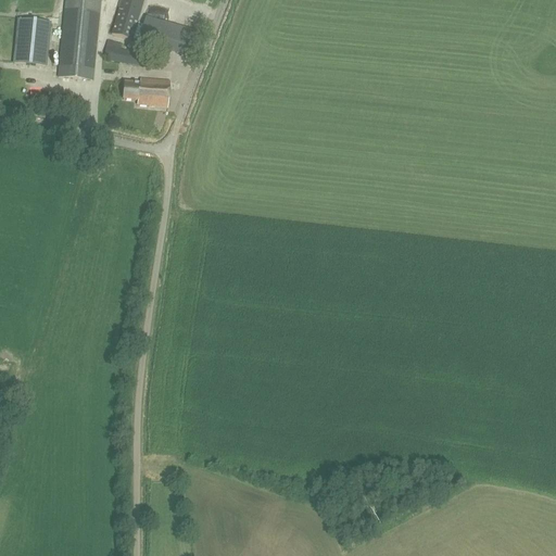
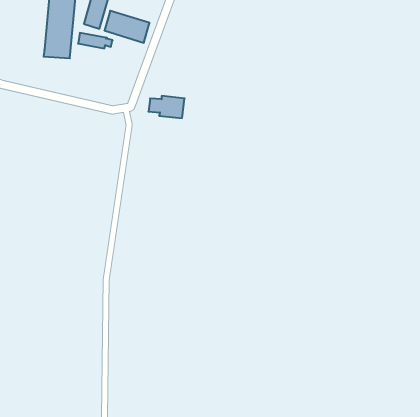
building: [14,17,50,64] -> none
building: [123,76,170,105] -> [148,96,185,118]

